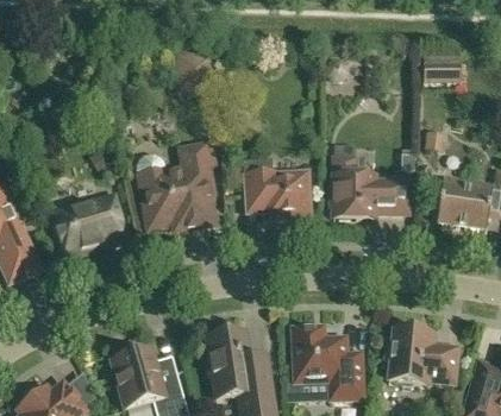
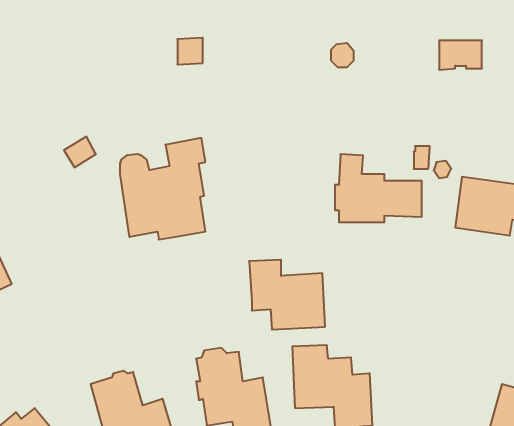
building: [244,158,312,220] -> [249,260,325,329]
building: [51,195,129,258] -> none
building: [386,328,458,386] -> none

